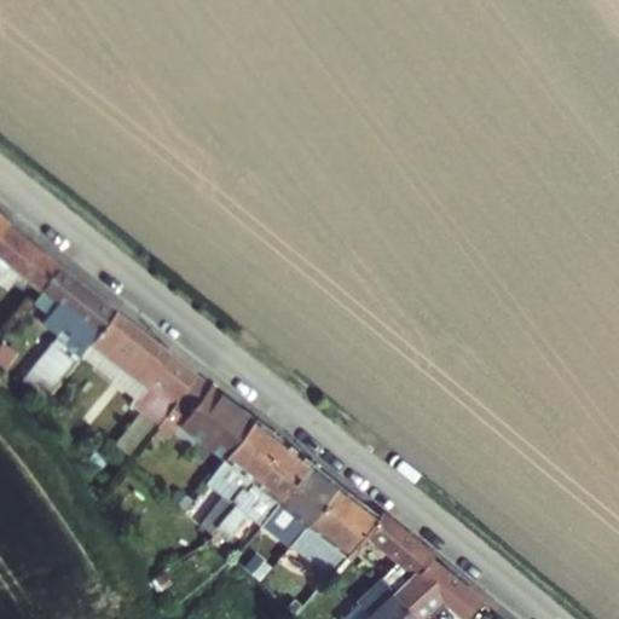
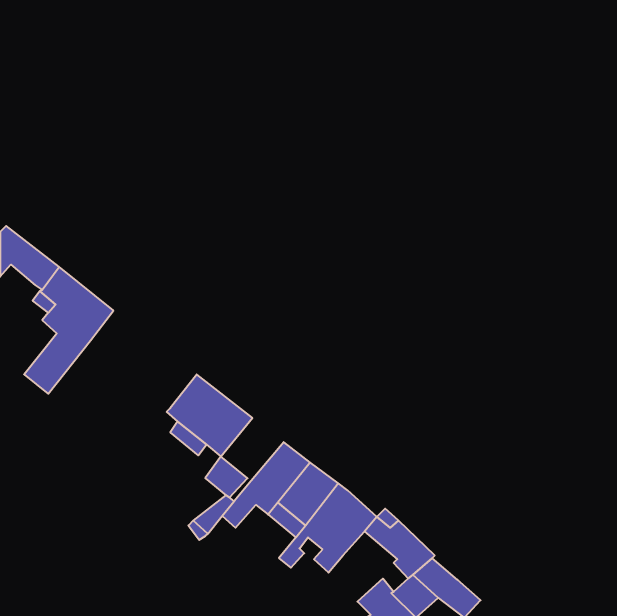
building: [91,312,197,426] -> none
building: [221,420,284,482] -> none

